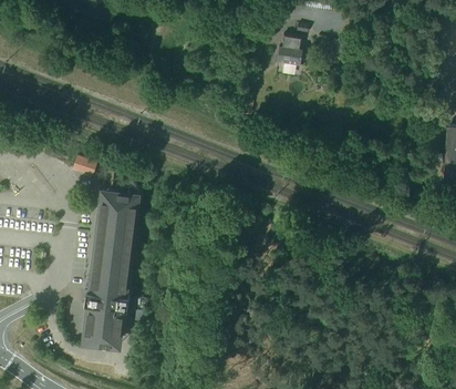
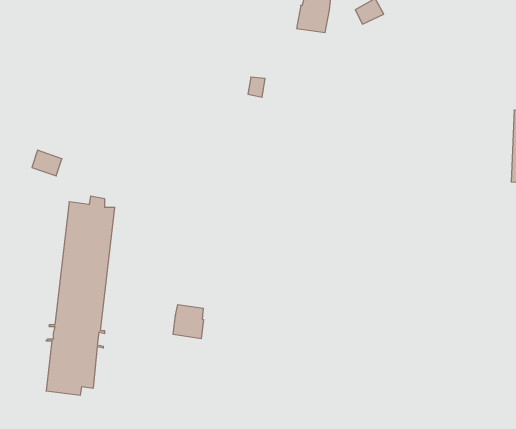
building: none -> [173,305,204,339]

